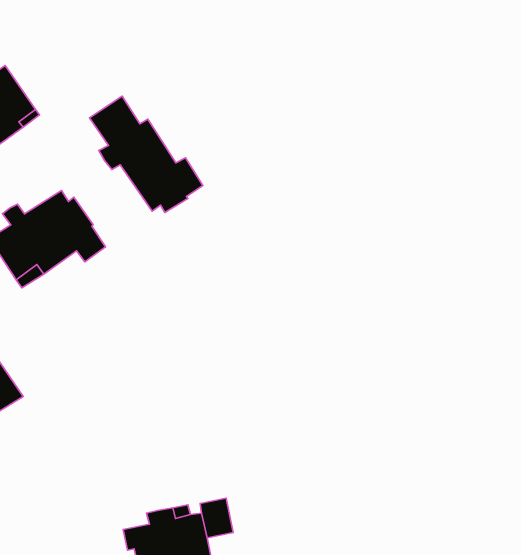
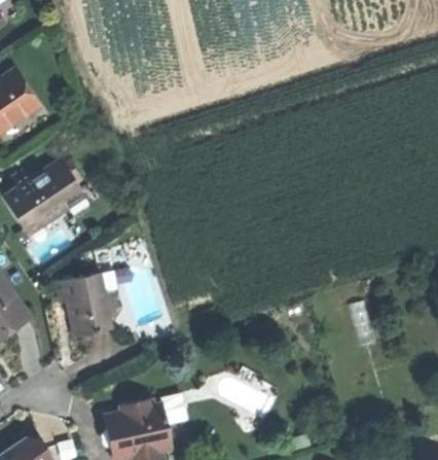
building: [90,96,203,213] -> none
building: none -> [57,271,118,337]

